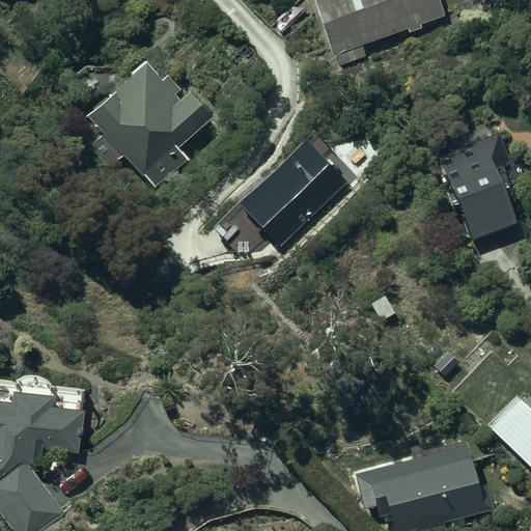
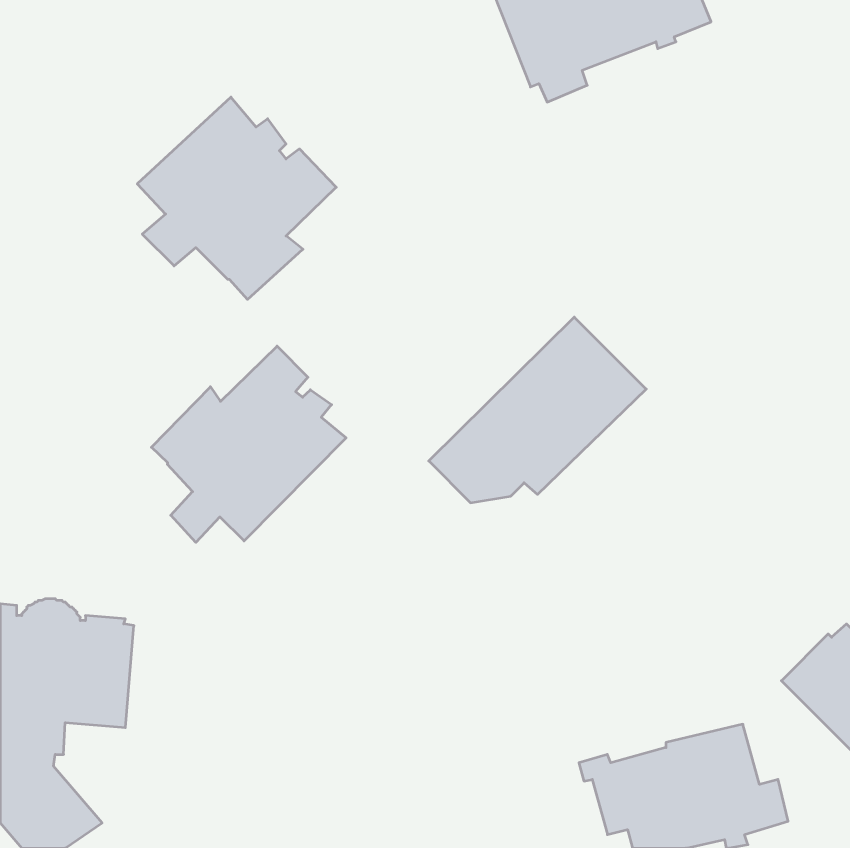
building: [423,121,515,247] -> none
building: [214,137,348,252] -> [429,317,646,503]
building: none -> [151,346,346,542]

